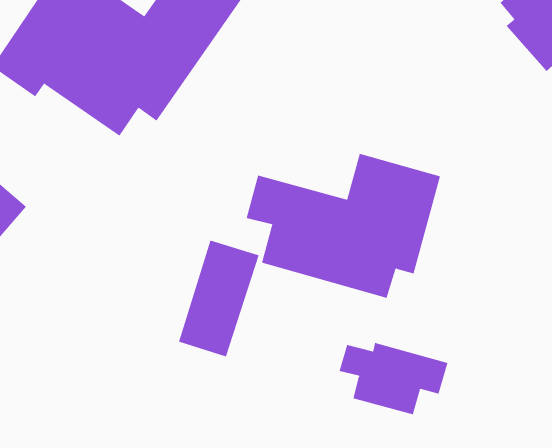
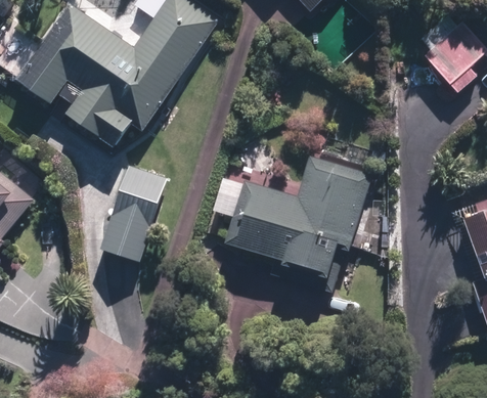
building: [178,240,260,357] -> [99,167,165,261]
building: [339,342,448,415] -> none

